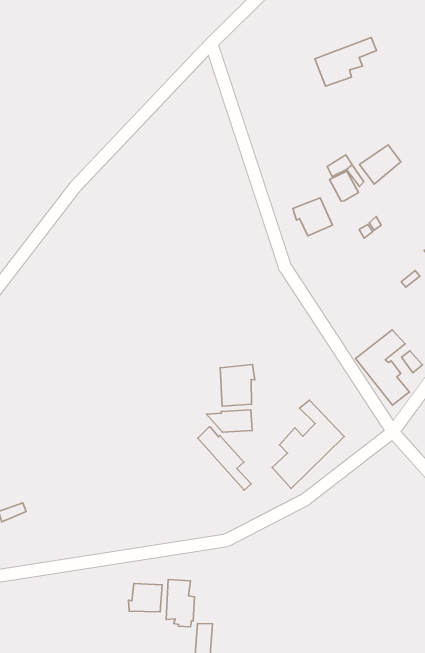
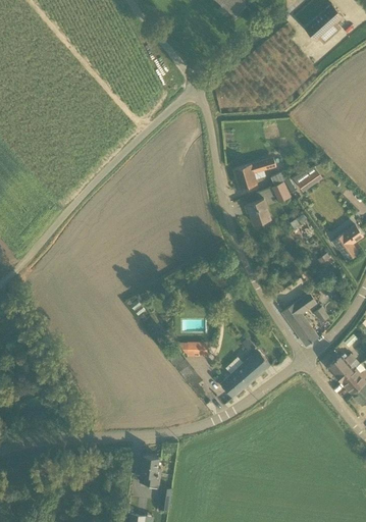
building: [315,37,376,86] -> [232,158,275,190]
building: [220,364,255,406] -> none
building: [128,584,162,612] -> none

